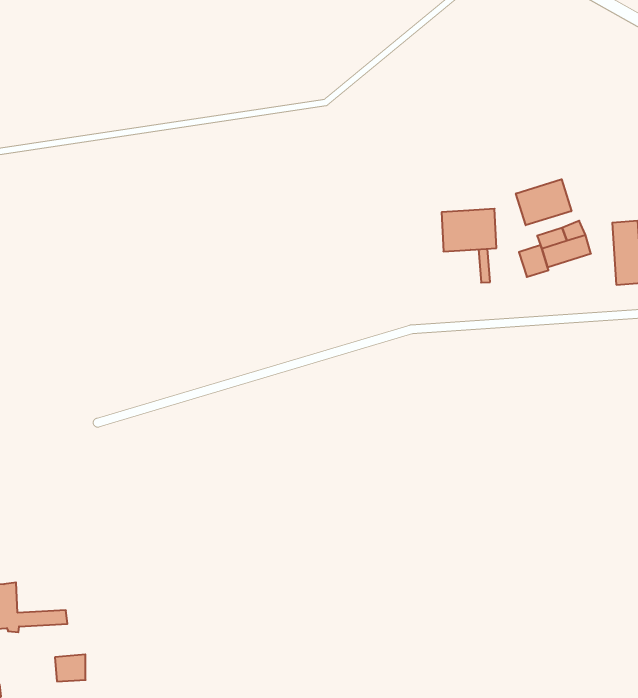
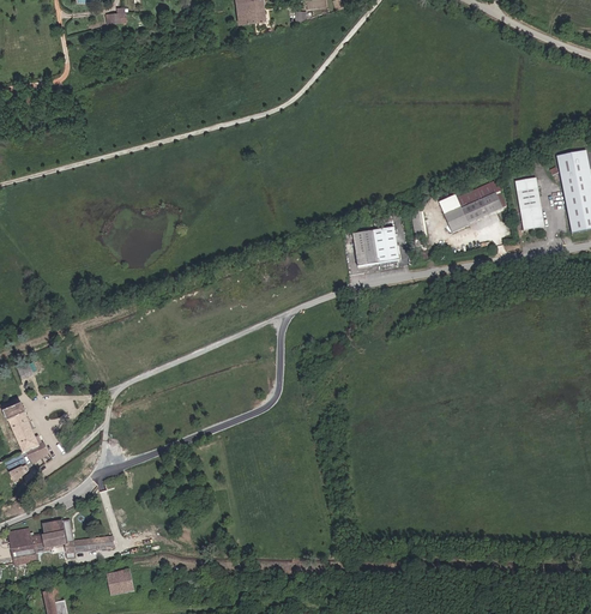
building: [516,179,571,225] -> none
building: [442,209,496,251] -> [351,227,398,265]

